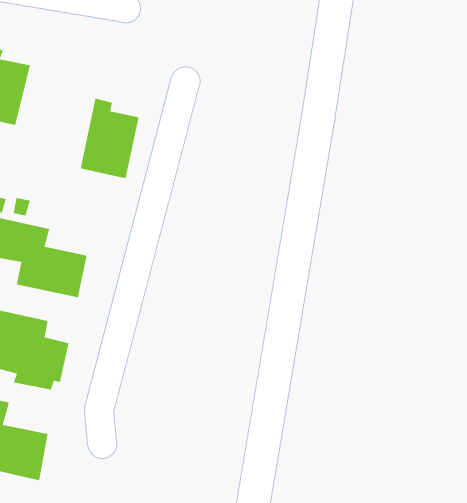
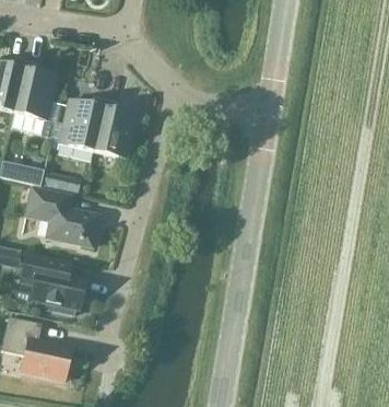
building: none -> [58,97,104,152]

